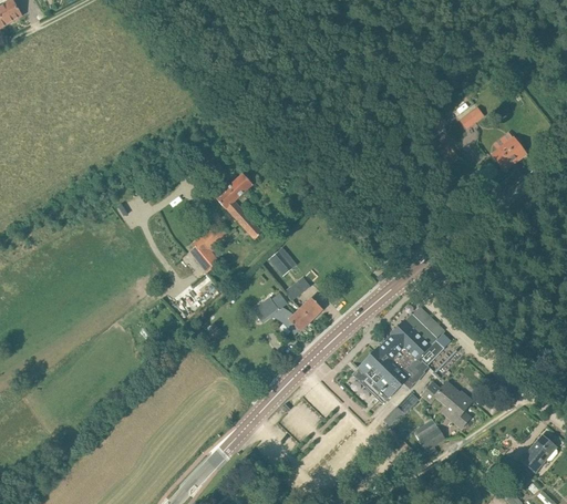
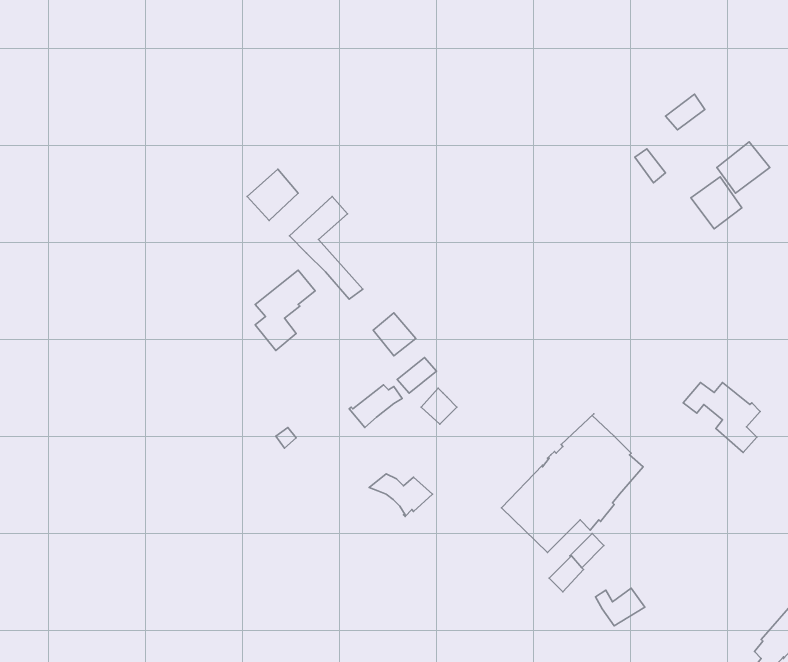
building: none -> [247,169,298,221]
building: none -> [691,177,742,229]
building: [271,306,312,333] -> [369,474,432,516]
building: [422,381,472,426] -> [683,382,760,452]

